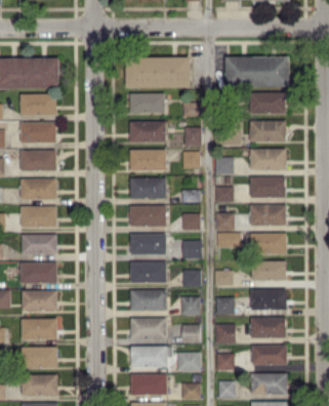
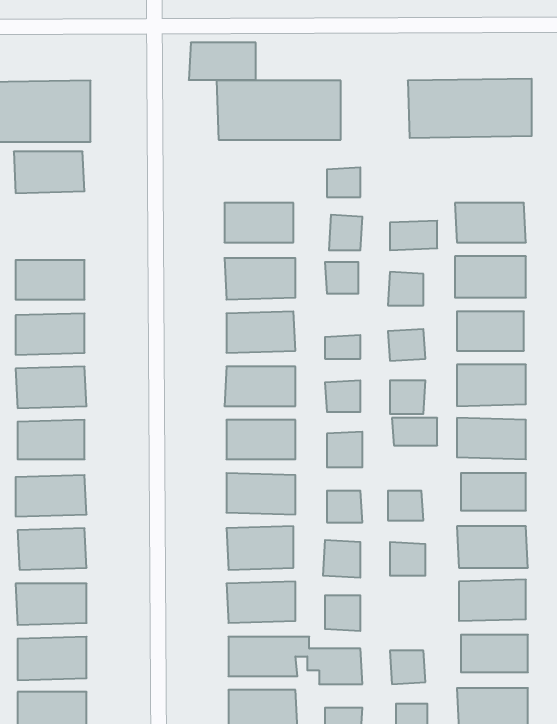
building: [249,92,285,115] -> none
building: [129,93,164,113] -> [189,43,256,80]
building: [20,122,56,144] -> none
building: [215,324,236,343] -> none

